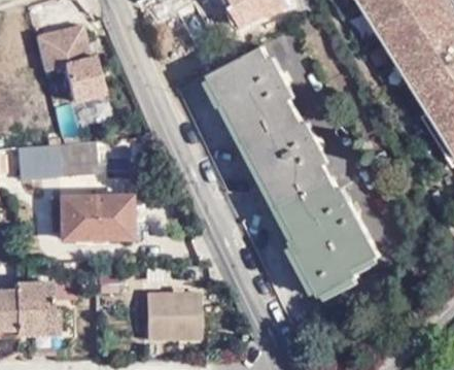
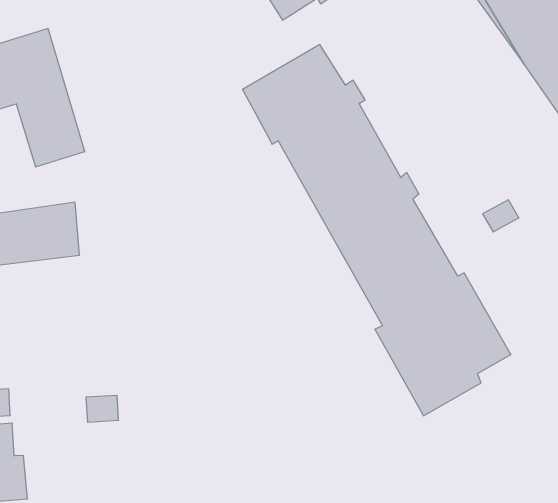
building: [60,197,129,241] -> none
building: [144,294,199,338] -> none

